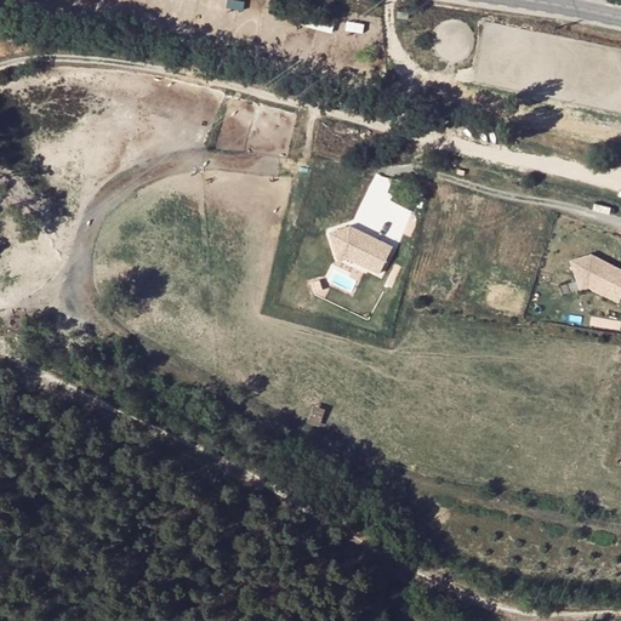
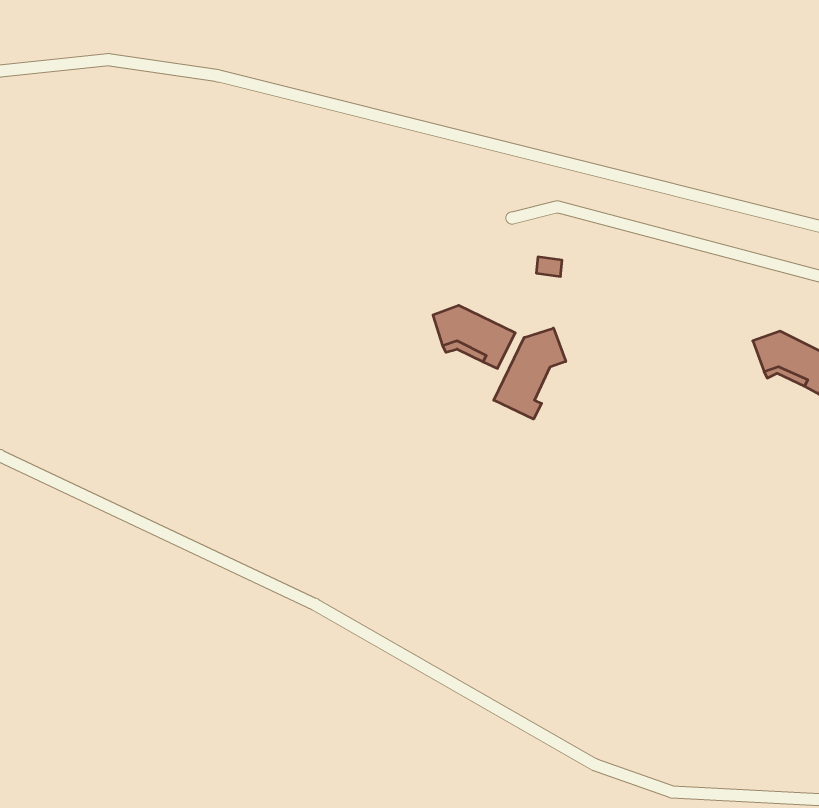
building: none -> [494,328,566,419]

